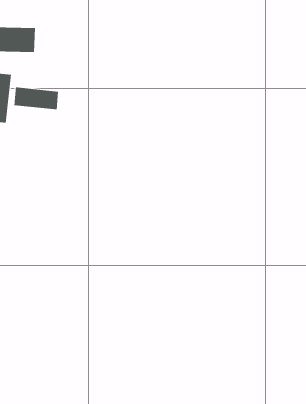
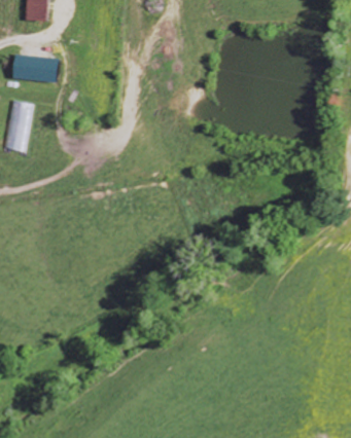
building: [14,86,59,110] -> none

